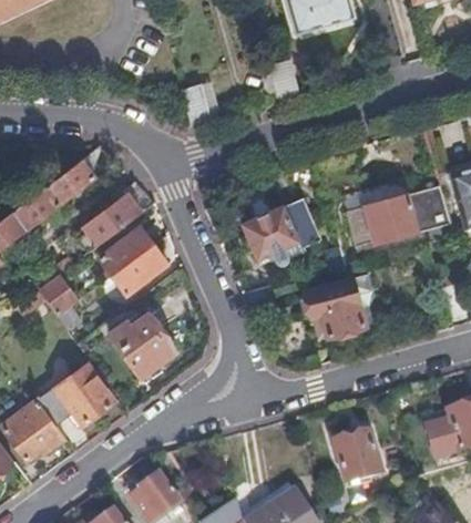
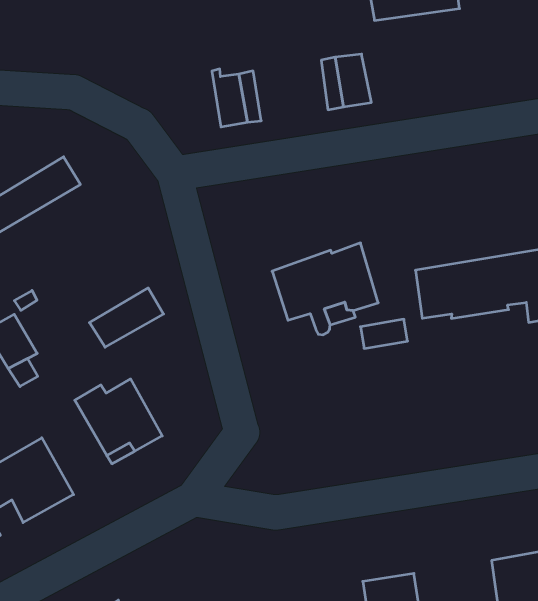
building: [78,196,140,254] -> none
building: [100,229,153,277] -> none
building: [300,279,366,339] -> none

